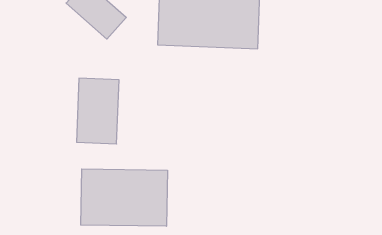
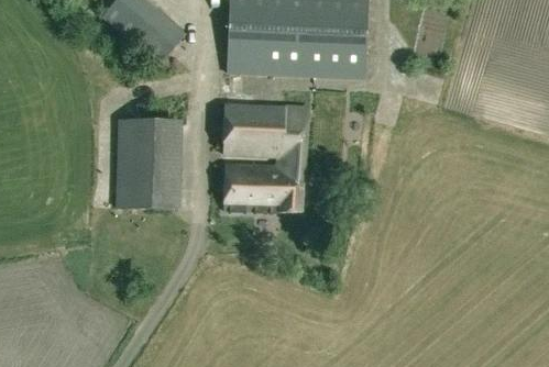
building: none -> [226,105,304,211]
building: [81,169,167,226] -> none

